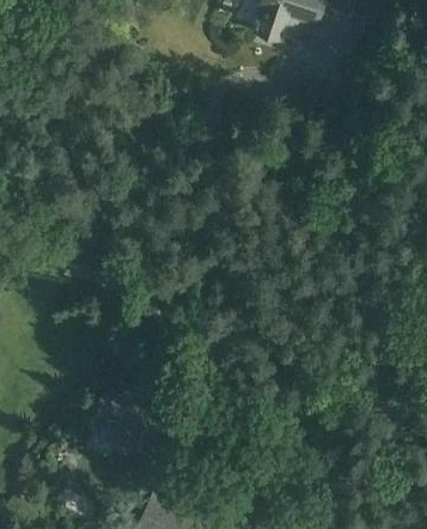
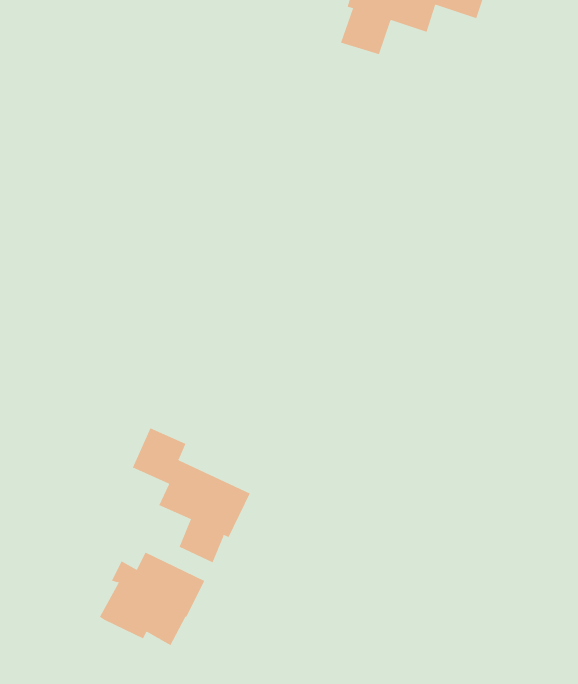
building: none -> [132,427,250,563]

